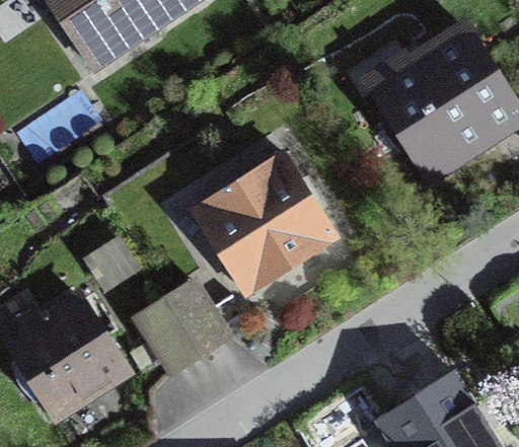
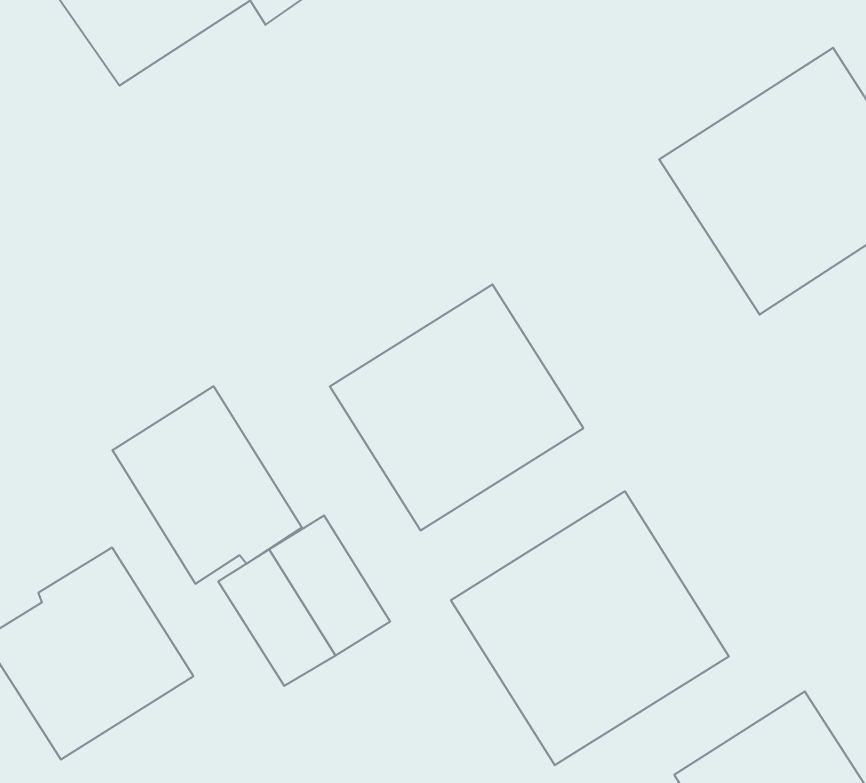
building: none -> [112,386,302,584]
building: none -> [451,491,729,765]

